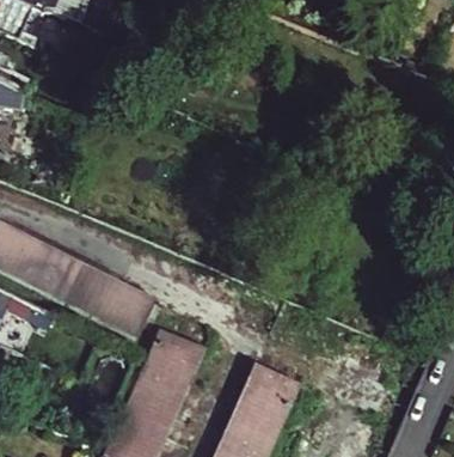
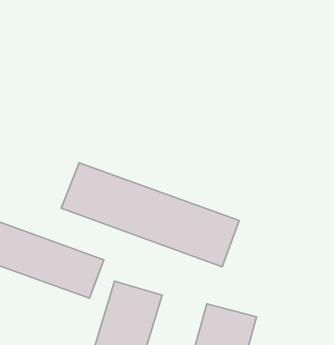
building: none -> [61,163,239,267]

